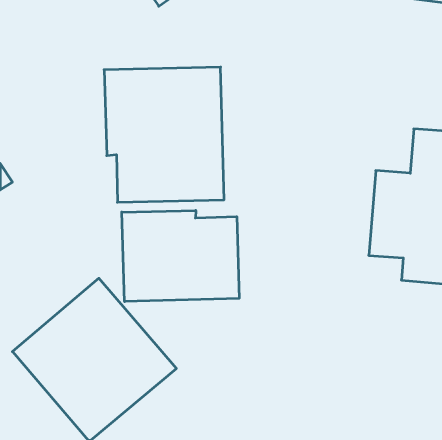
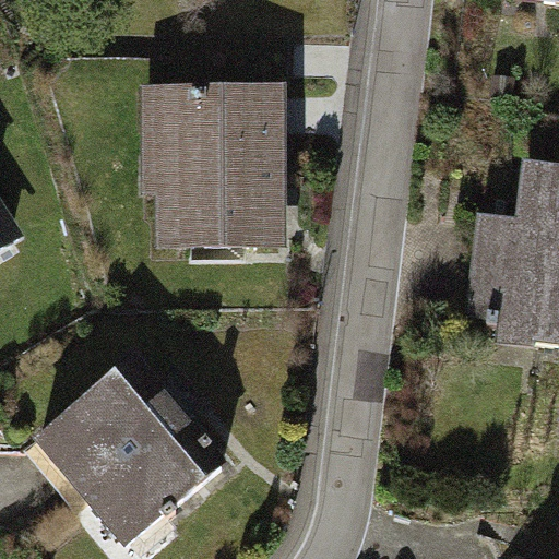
building: [122,210,239,302] -> none

